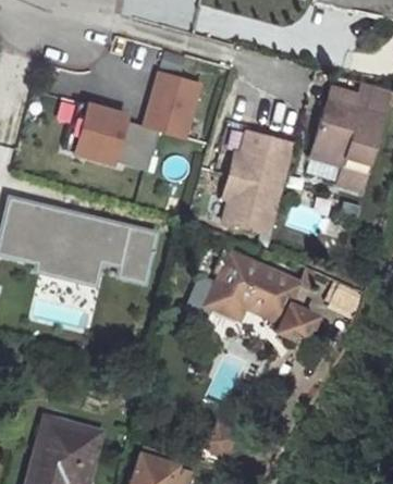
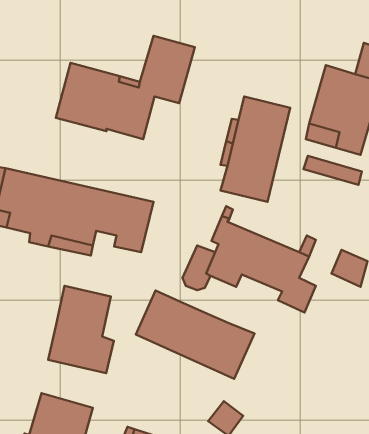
building: none -> [48,286,114,373]
building: none -> [136,290,254,379]

